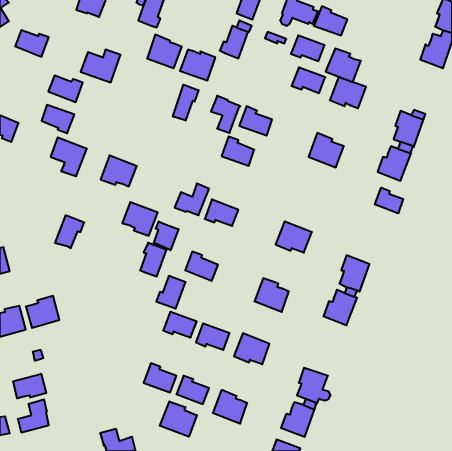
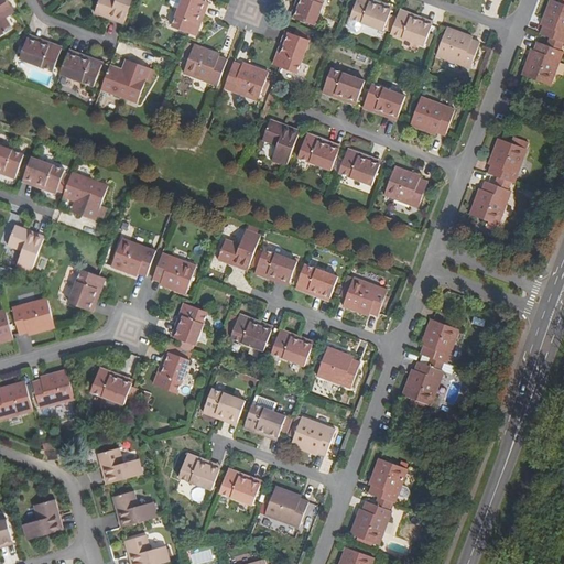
building: [291,35,325,61] -> [322,68,364,100]
building: [326,48,361,82] -> [435,26,479,68]
building: [48,76,83,102] -> [59,53,102,86]
building: [173,85,199,121] -> none
building: [42,105,74,133] -> [23,156,64,192]
building: [222,137,254,166] -> [338,148,379,184]
building: [101,155,137,186] -> [110,236,155,274]
building: none -> [8,224,43,270]
building: [375,188,403,213] -> none
building: none -> [295,263,337,296]
building: [154,221,179,250] -> none
building: none -> [11,295,54,332]
building: none -> [271,328,312,365]
building: [156,276,186,309] -> [153,351,189,392]
building: none -> [89,366,131,402]
building: none -> [97,447,142,481]
building: [13,374,46,398] -> none
building: none -> [112,489,156,524]
building: [160,401,197,437] -> none

